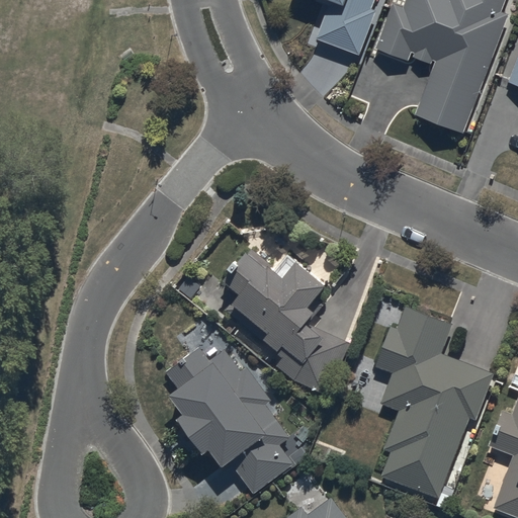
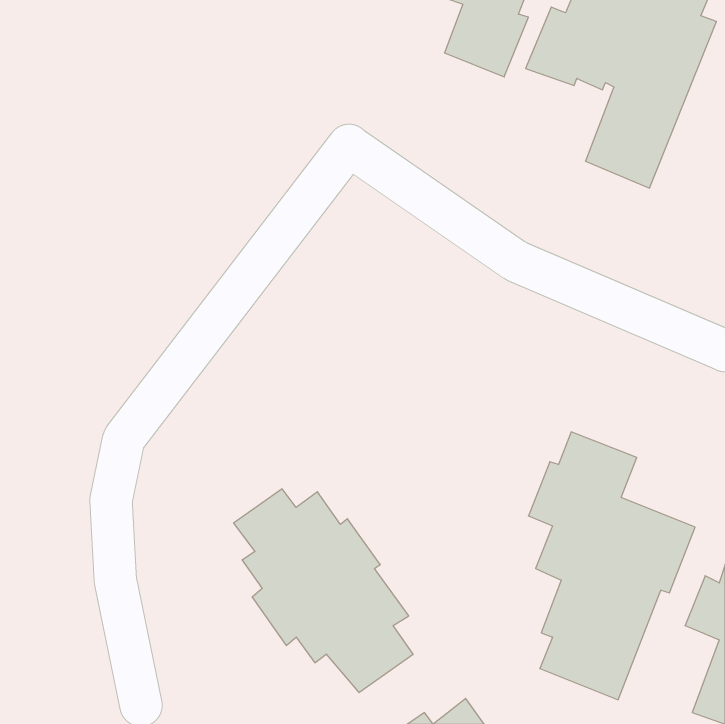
building: [223,248,347,394] -> none

